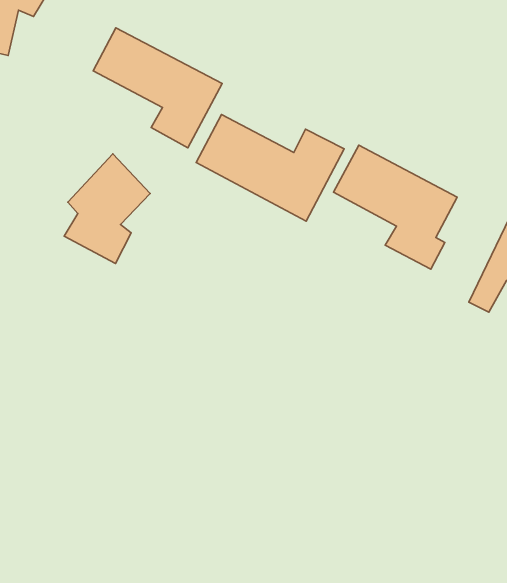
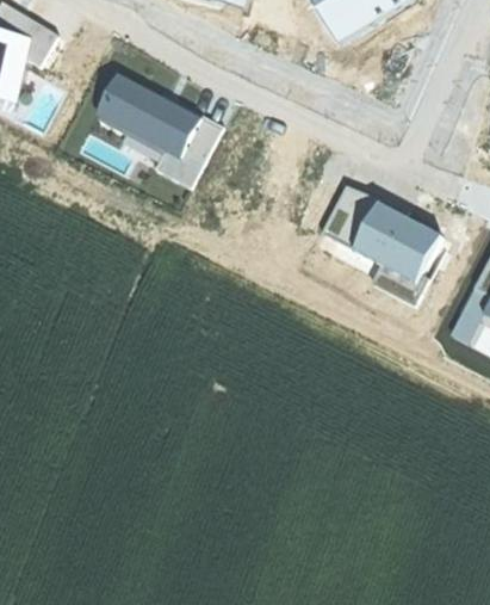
building: [196,114,344,221] -> none
building: [64,154,150,263] -> none

